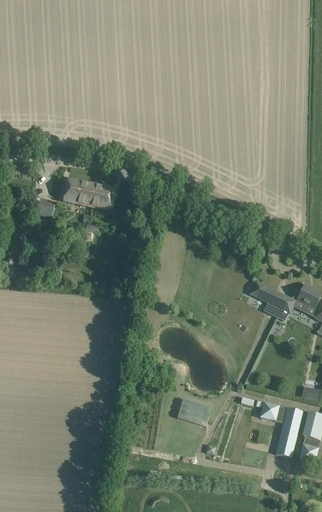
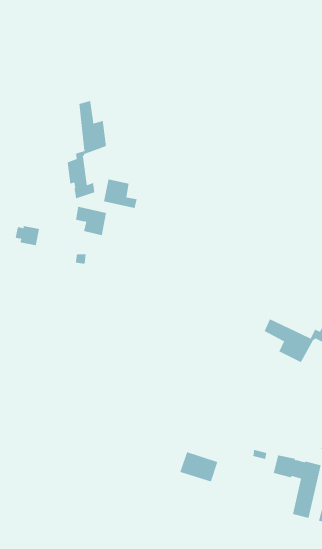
building: none -> [66,100,106,199]
building: [64,178,94,204] -> [103,179,137,208]

